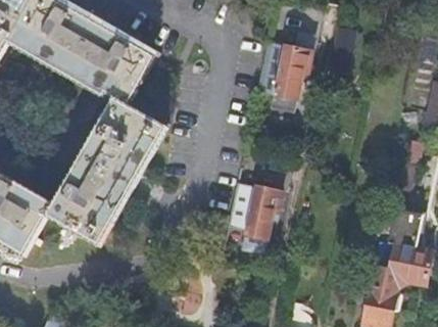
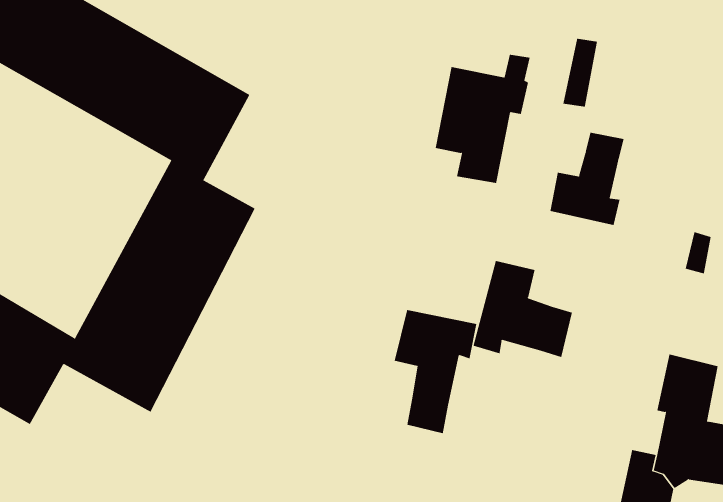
building: none -> [550,132,624,226]
building: none -> [473,260,572,358]

